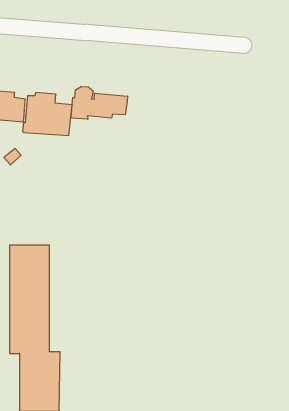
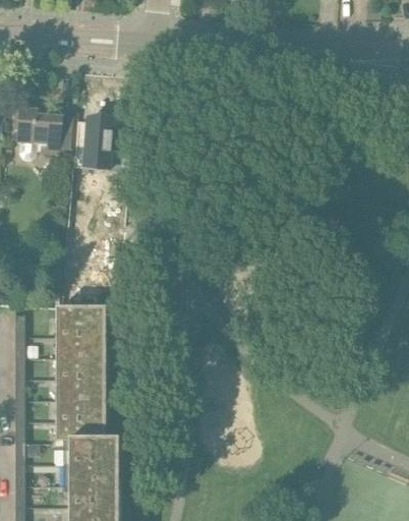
building: [71,87,127,119] -> none

